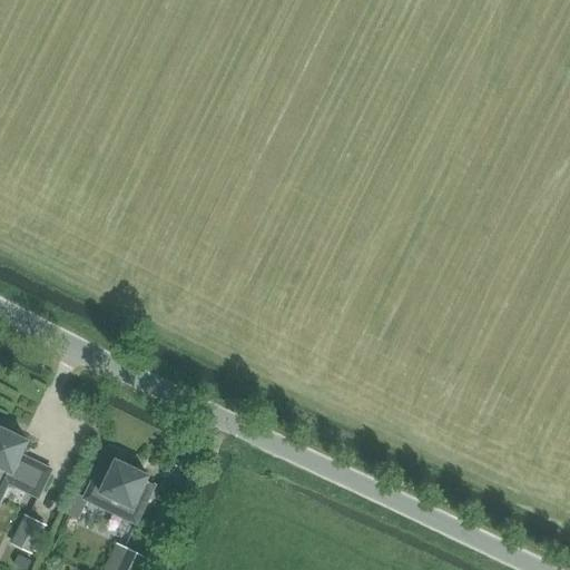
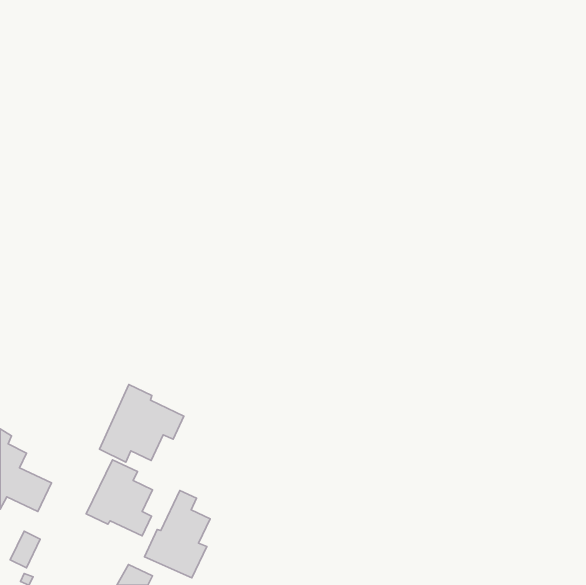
building: none -> [100,385,184,462]
building: none -> [144,490,210,578]

